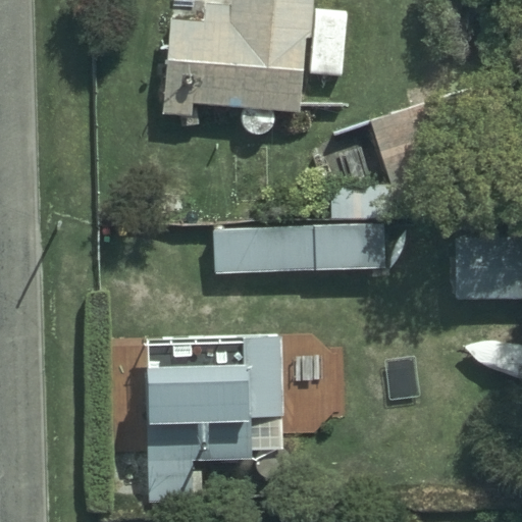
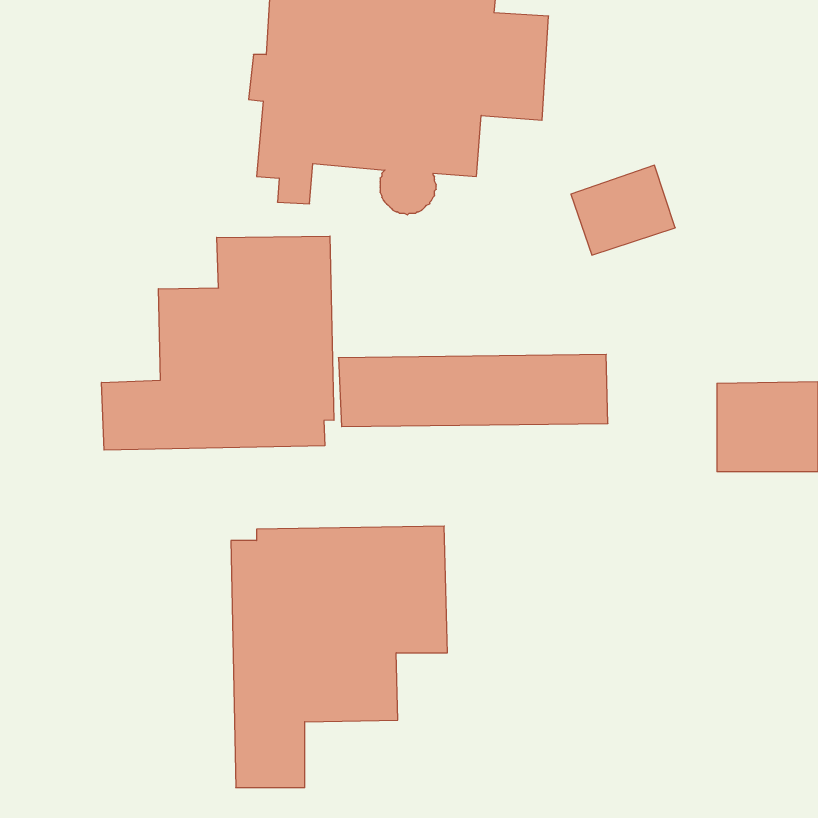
building: none -> [102,236,334,450]

